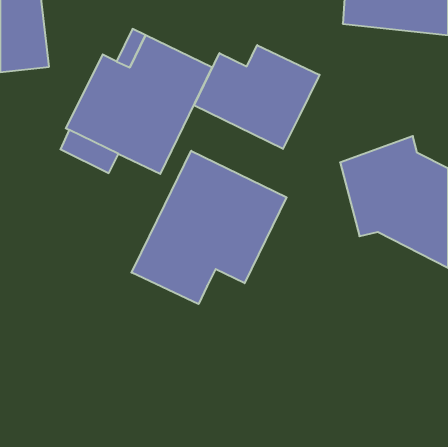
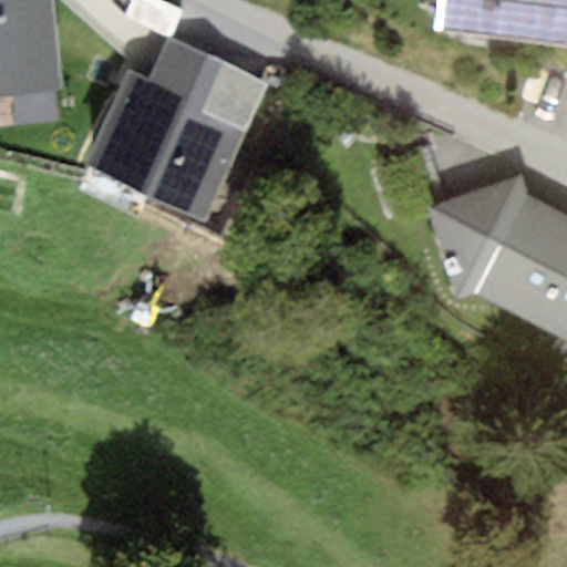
building: [194,45,320,149] -> none
building: [131,151,287,304] -> none

